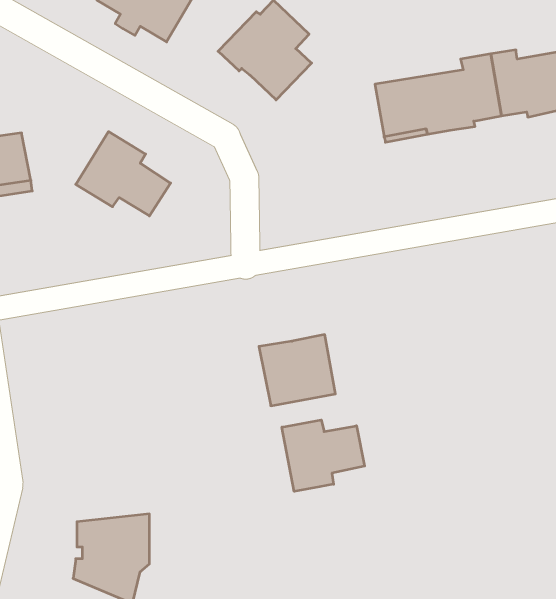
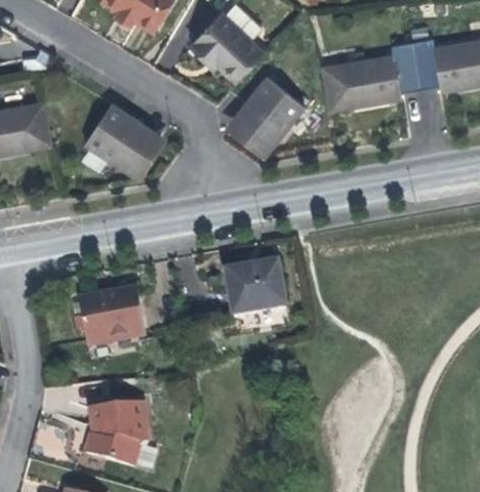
building: none -> [232,78,304,150]
building: none -> [79,290,145,346]
building: [282,420,365,491] -> none

